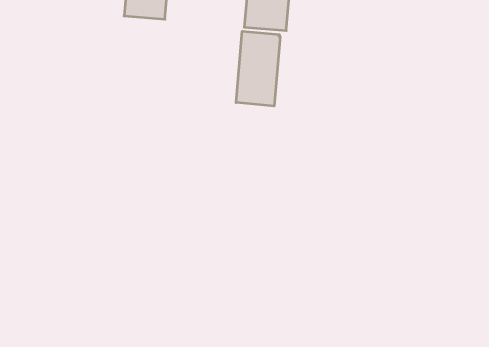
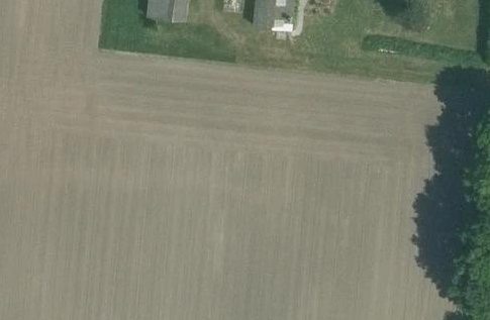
building: [236,31,280,106] -> none

